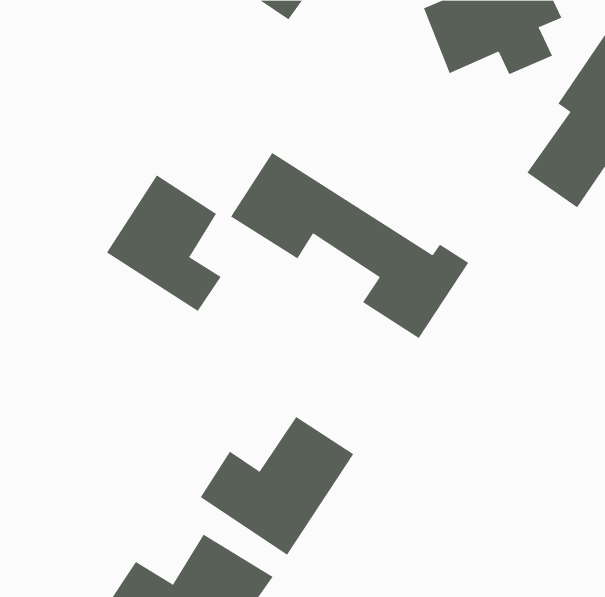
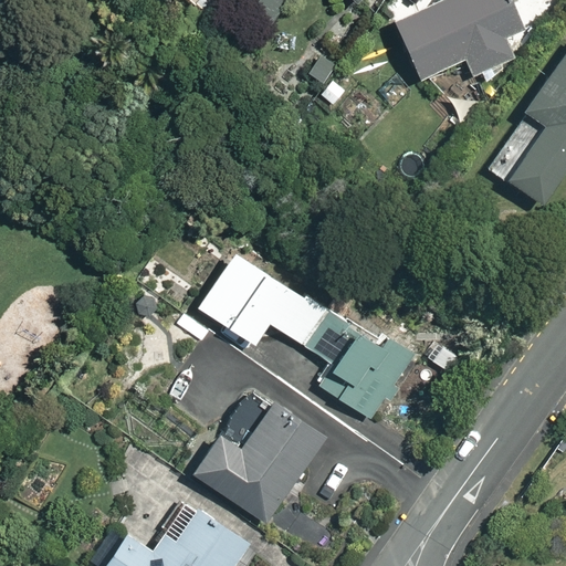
building: [230,152,469,339] -> [193,247,416,420]
building: [106,174,221,312] -> none

